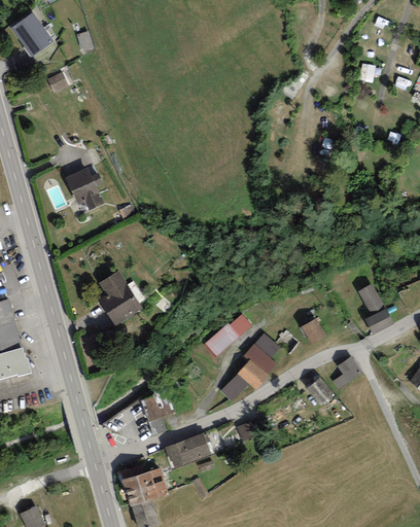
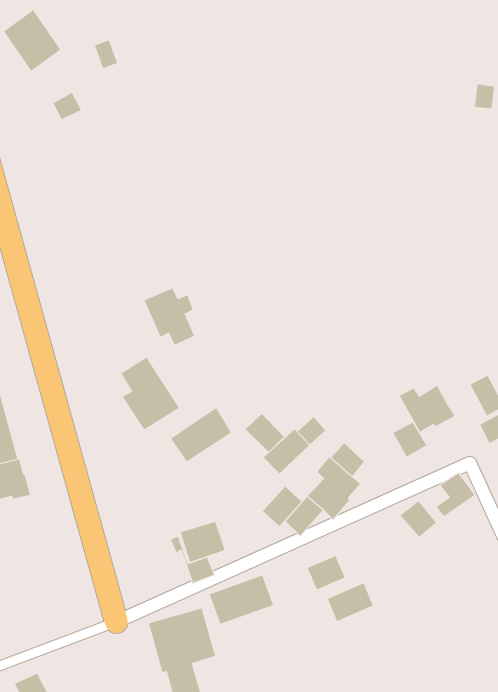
building: [66,167,104,210] -> [144,288,195,346]
building: none -> [399,385,455,433]
building: none -> [171,407,232,462]
building: none -> [245,413,284,452]
building: none -> [262,486,302,527]
building: none -> [327,583,374,622]

